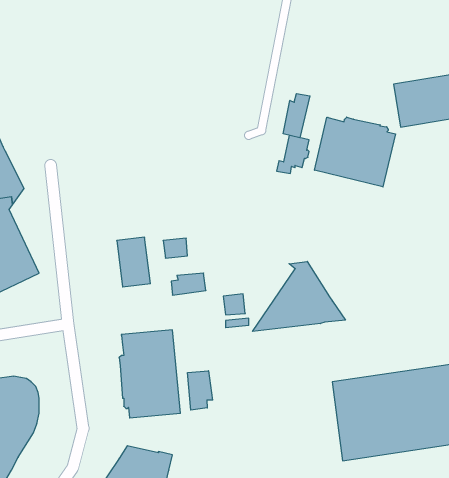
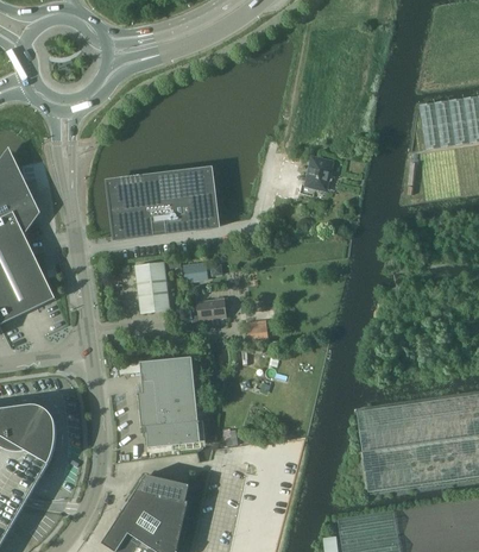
building: [283,94,310,138] -> none
building: [315,117,395,187] -> none
building: none -> [105,165,220,240]
building: [253,261,345,331] -> none
building: [188,371,213,410] -> none

